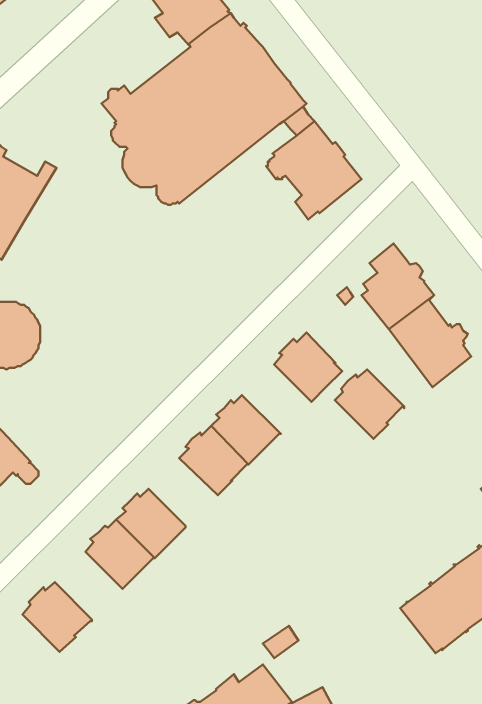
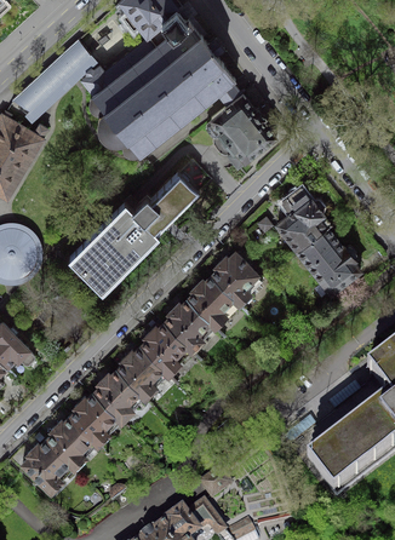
building: none -> [12,39,95,113]
building: none -> [68,172,200,293]
building: [335,370,404,439] -> [188,276,240,328]
building: none -> [118,346,170,397]
building: none -> [47,417,98,467]

